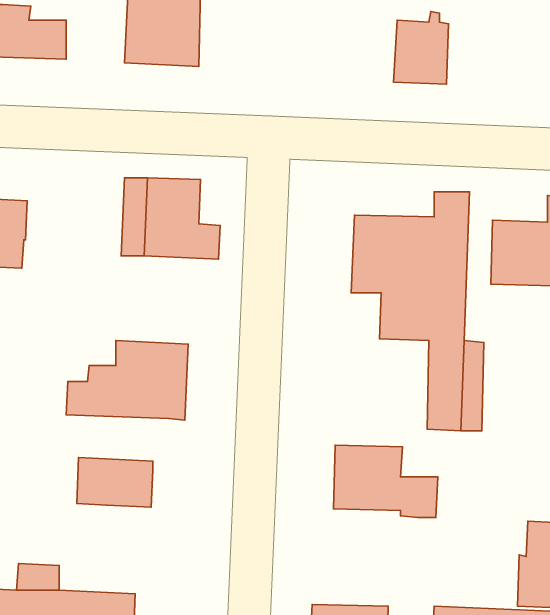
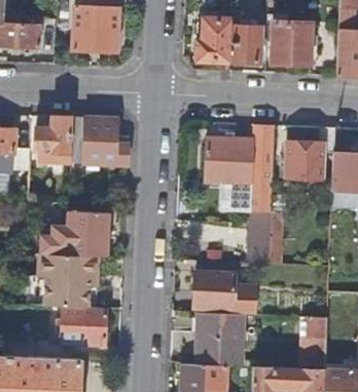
building: none -> [196,18,231,62]
building: none -> [272,21,312,66]
building: none -> [35,115,73,162]
building: none -> [38,254,99,281]
building: none -> [62,307,106,345]
building: none -> [198,312,244,365]

